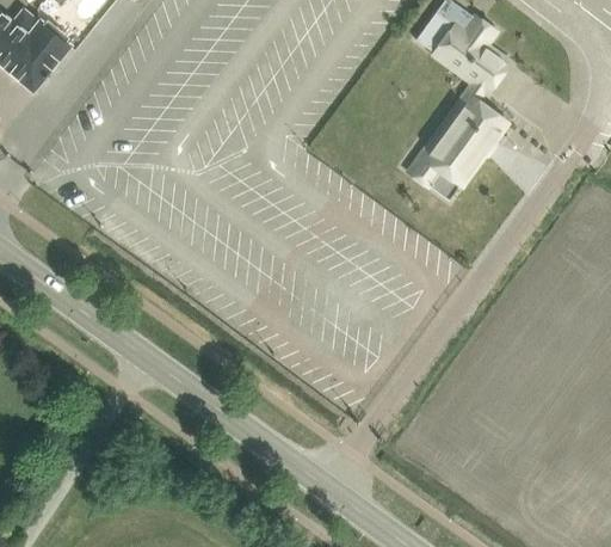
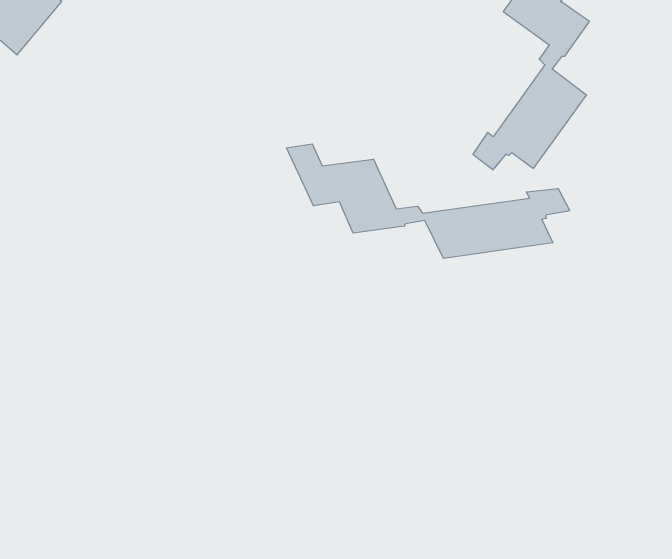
building: none -> [286,144,570,258]

